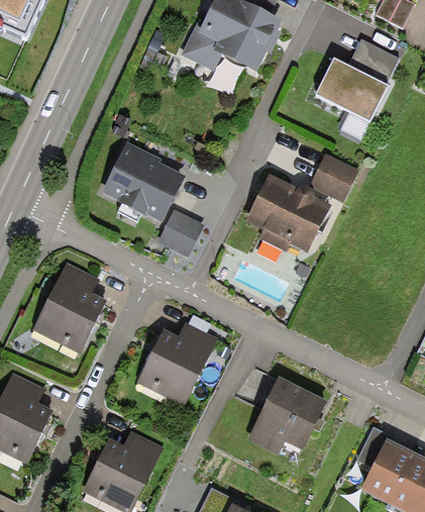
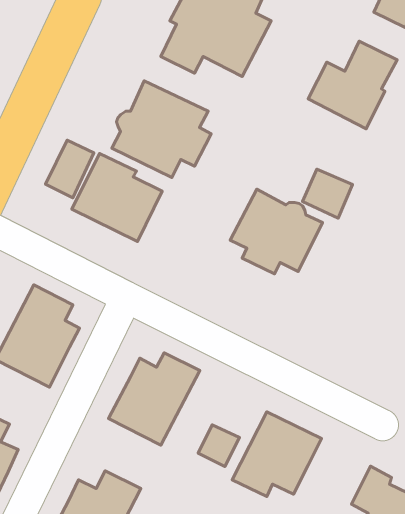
building: none -> [112,81,211,178]
building: none -> [45,140,94,198]
building: [158,210,204,258] -> none
building: none -> [198,425,240,467]

